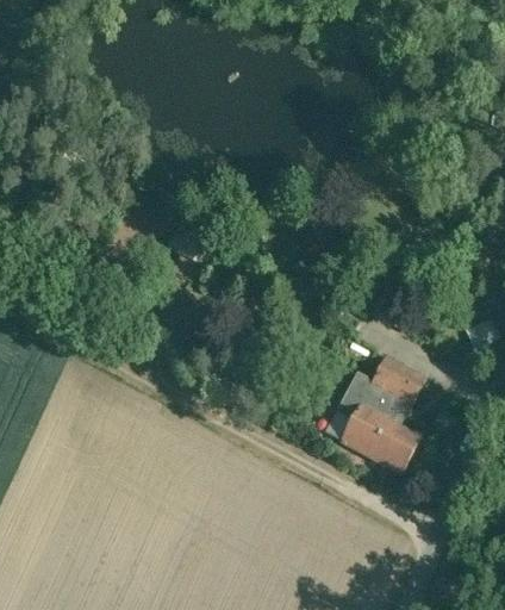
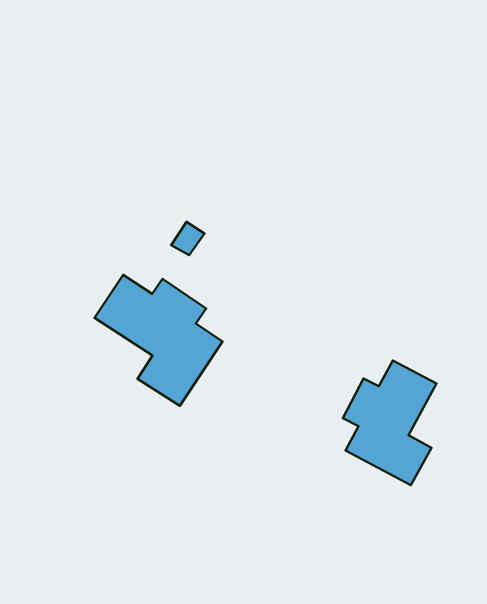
building: none -> [94,275,223,406]

